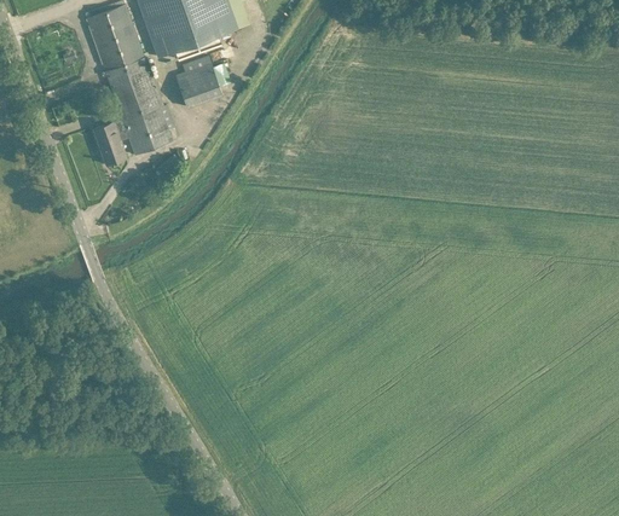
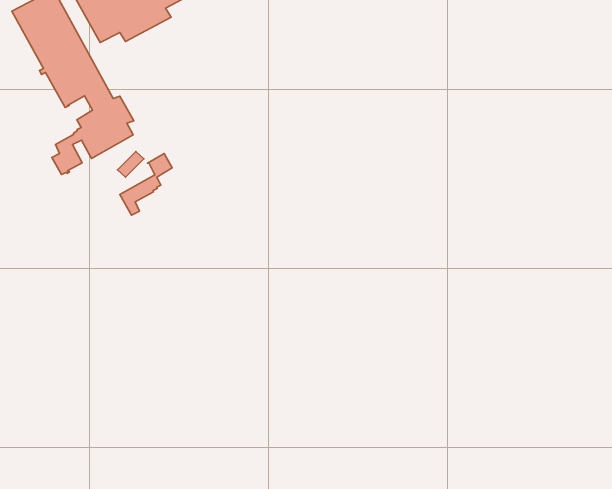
building: [175,54,222,104] -> none
building: [93,99,141,147] -> [120,153,172,215]

